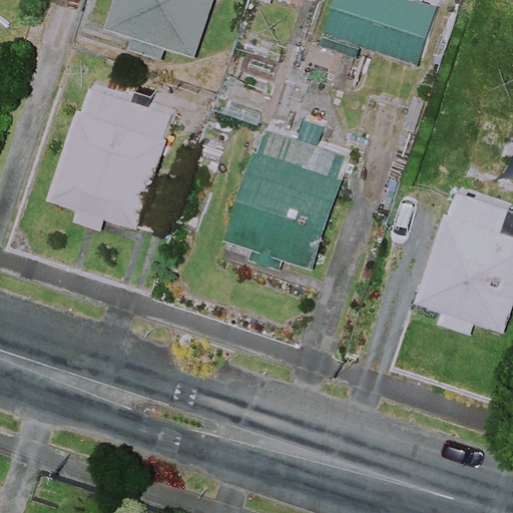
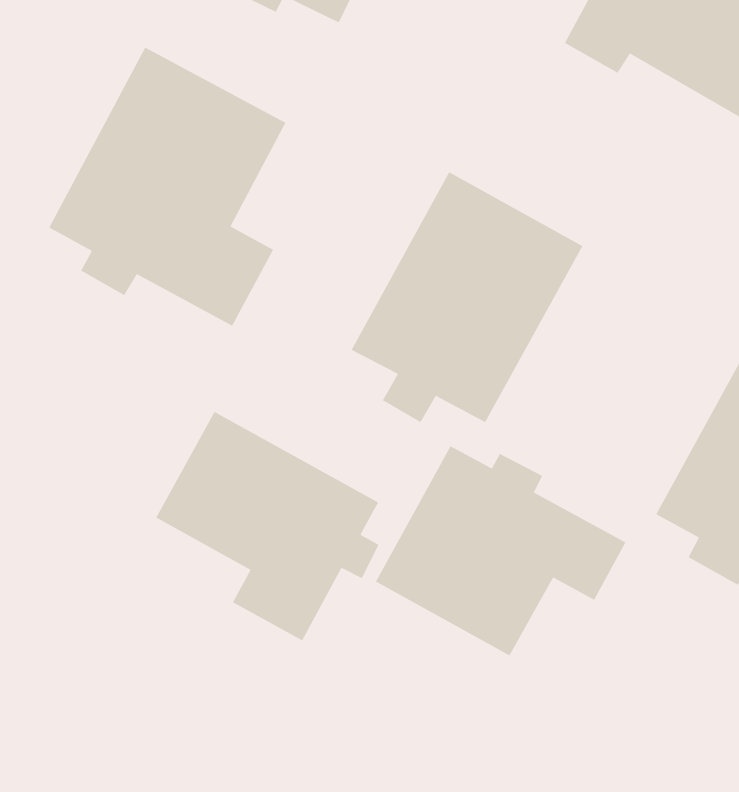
building: none -> [375,445,626,656]
building: none -> [155,411,380,641]

